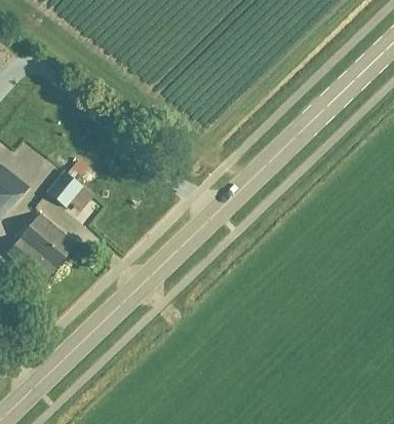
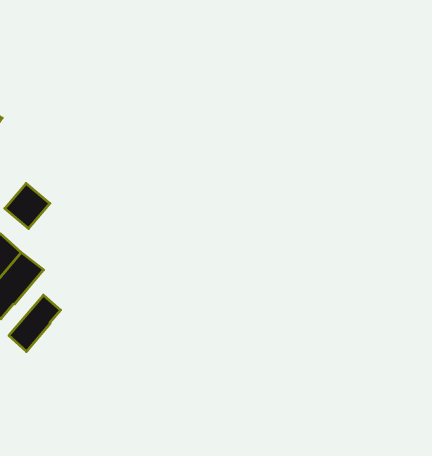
building: none -> [9,295,61,352]

